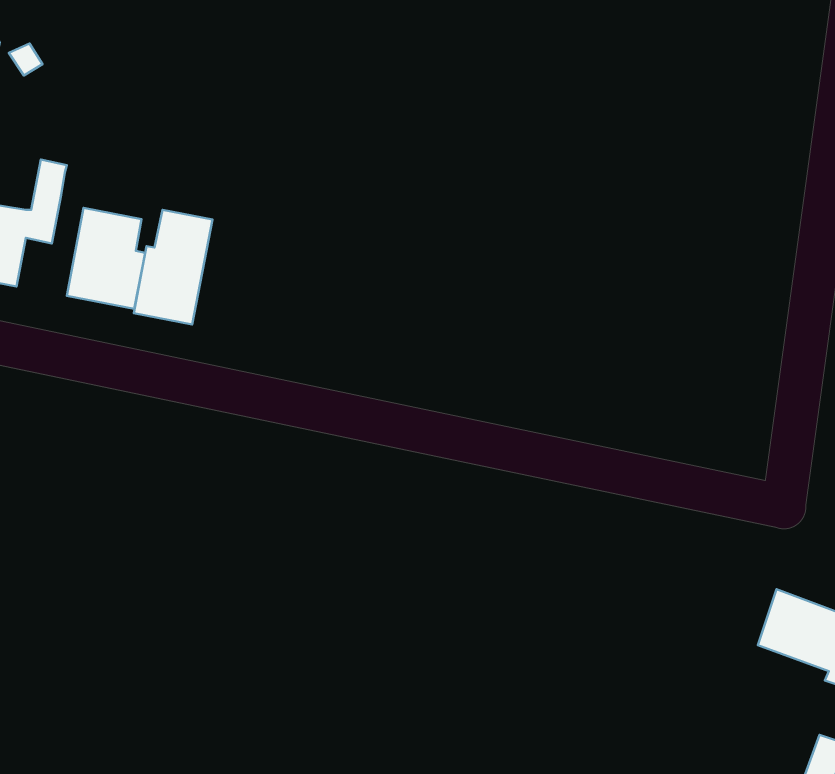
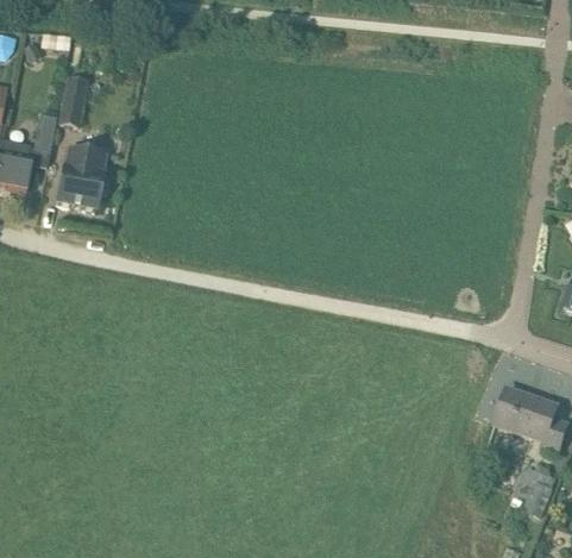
building: none -> [57,75,86,125]
building: [134,210,213,325] -> none

